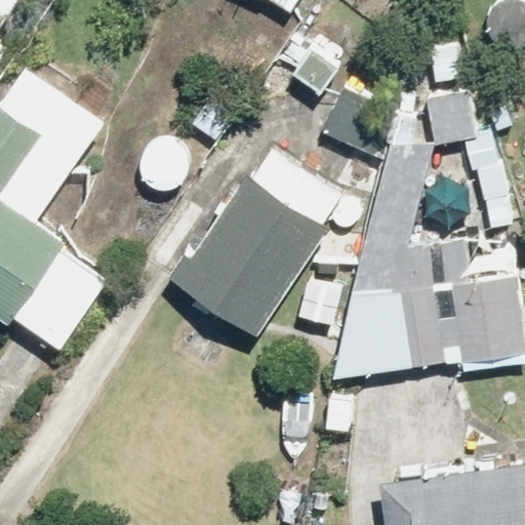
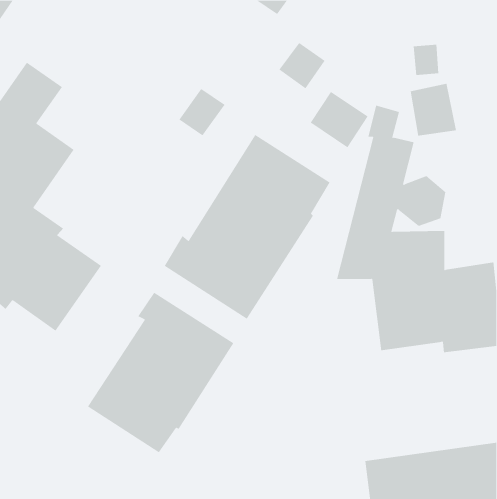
building: none -> [87,292,234,453]

